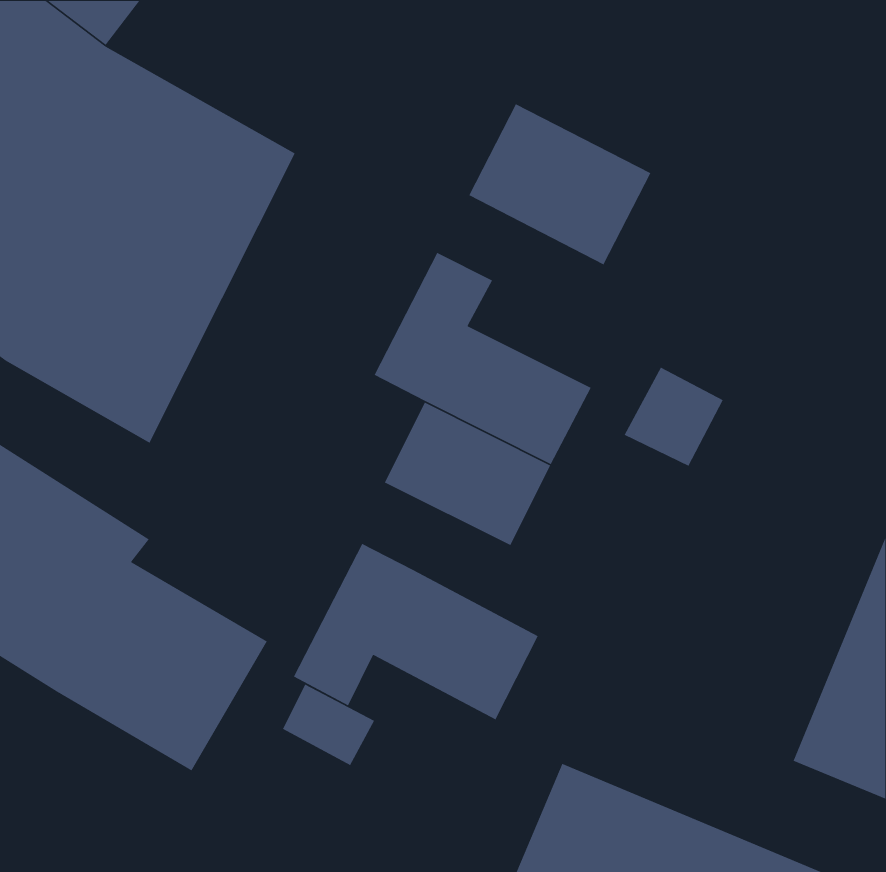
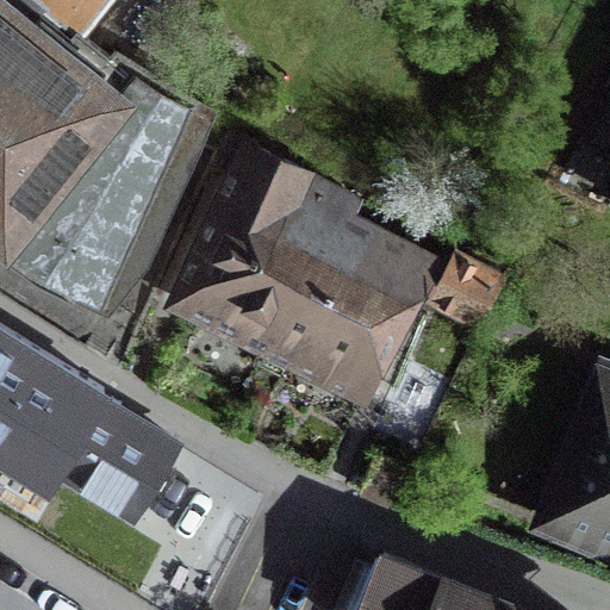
building: [468,103,651,265] -> none
building: none -> [179,143,295,346]
building: [293,543,539,721] -> none

